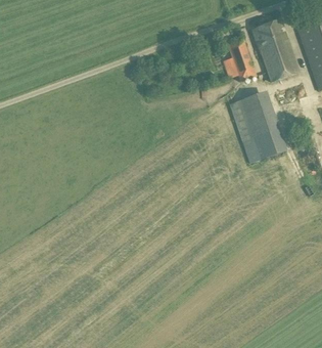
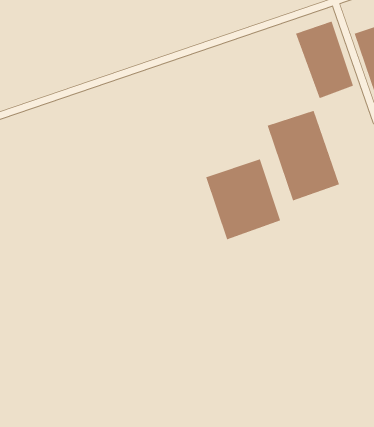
building: [222,38,256,81] -> none
building: none -> [205,158,281,240]

